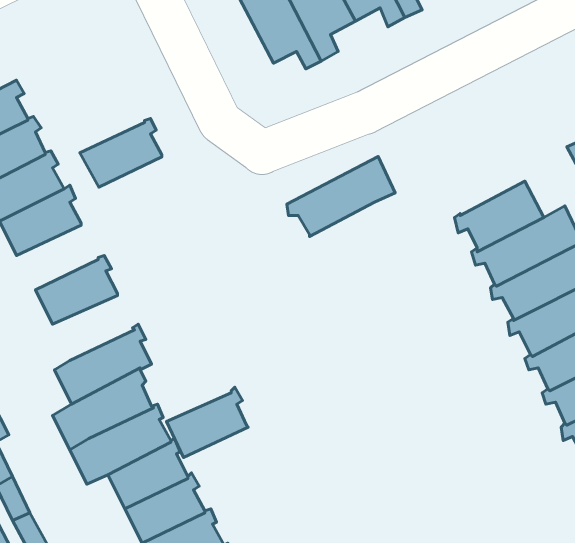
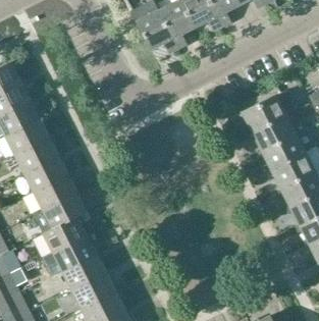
building: [80,119,162,187] -> [13,136,57,172]
building: [287,156,395,237] -> [238,90,297,132]
building: [166,387,248,458] -> [33,172,76,210]

